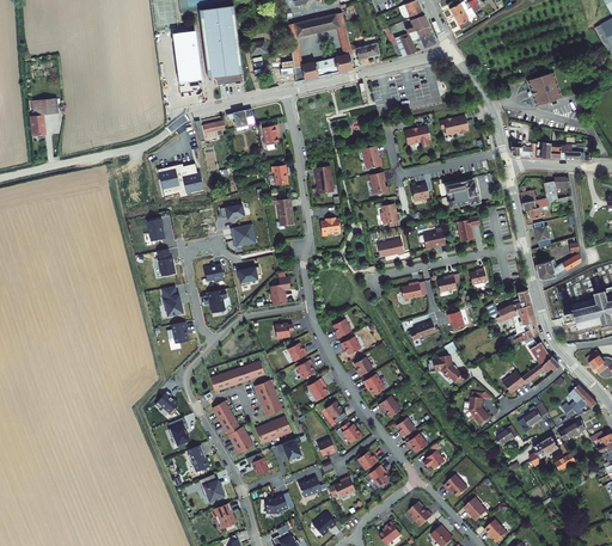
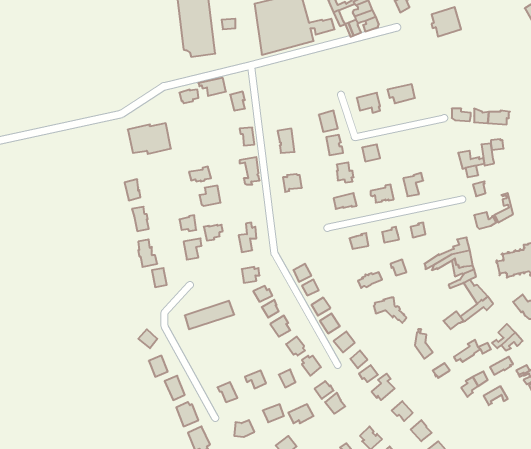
building: [173,31,203,96] -> none
building: [527,72,561,105] -> [432,7,461,37]
building: [30,97,59,136] -> none
building: [445,177,482,207] -> none
building: [255,380,283,416] -> none
building: [212,400,255,454] -> none
building: [255,416,292,444] -> none

